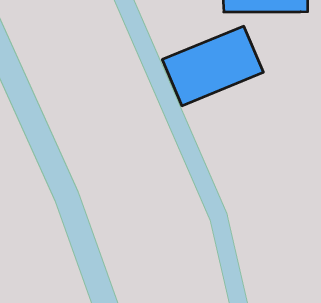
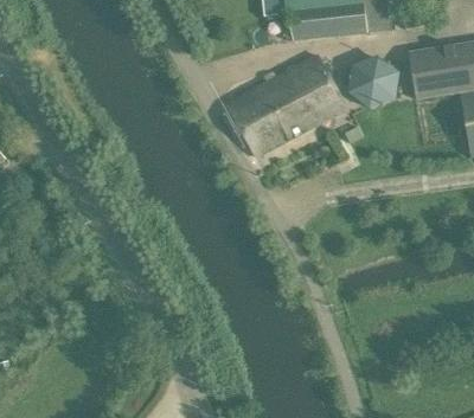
building: none -> [348,56,399,110]

